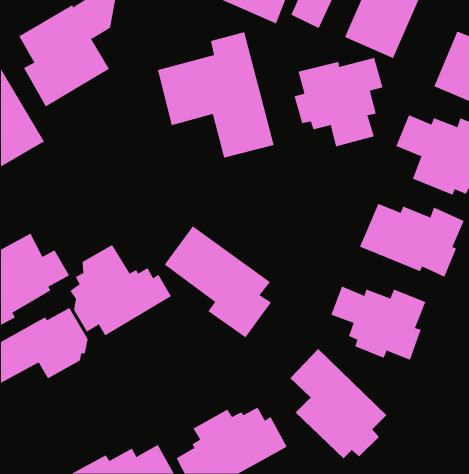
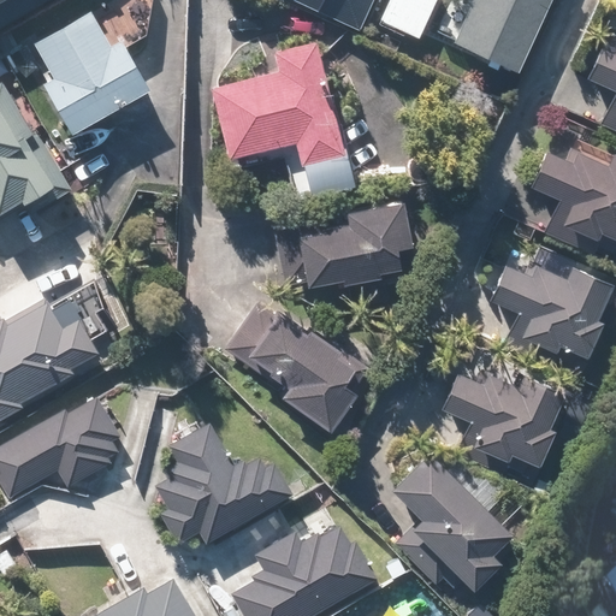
building: [294,57,383,147] -> none
building: none -> [291,205,415,295]
building: [70,244,172,336] -> [159,426,291,545]

